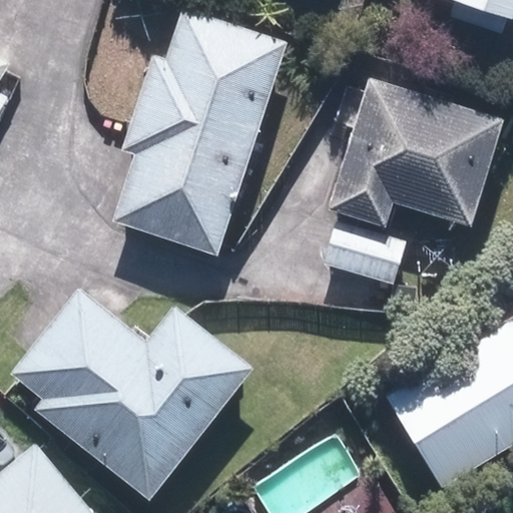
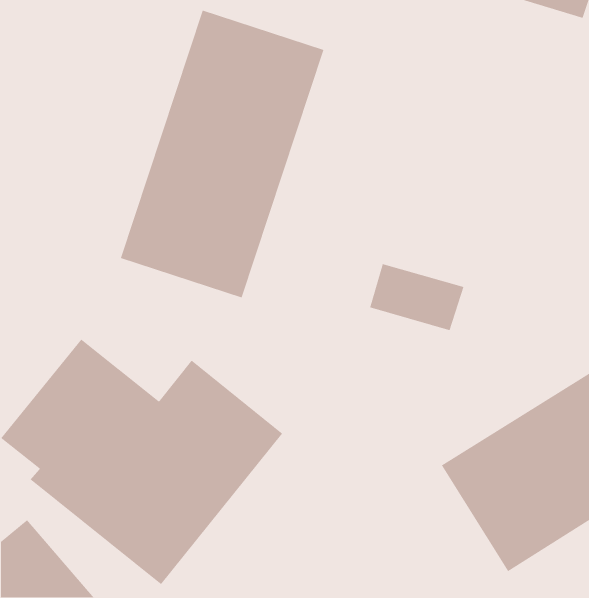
building: [328,78,500,227] -> none

